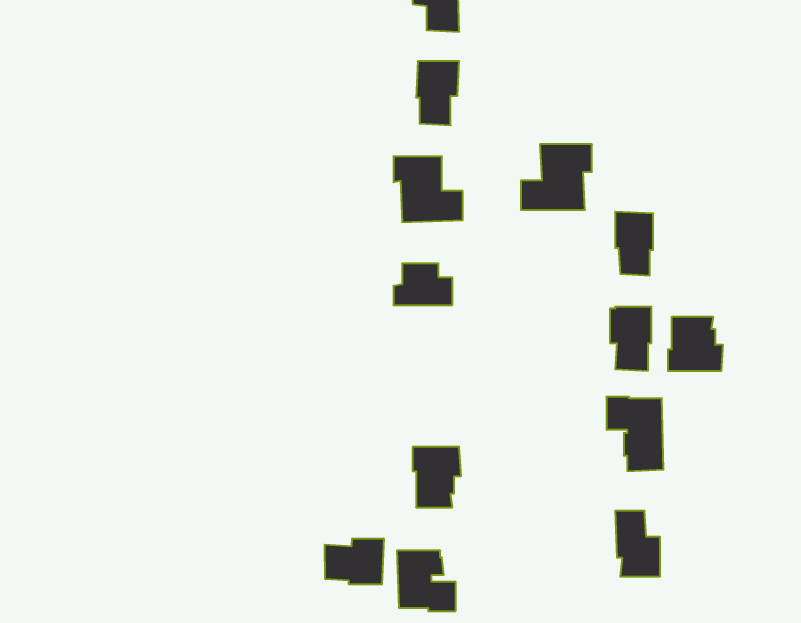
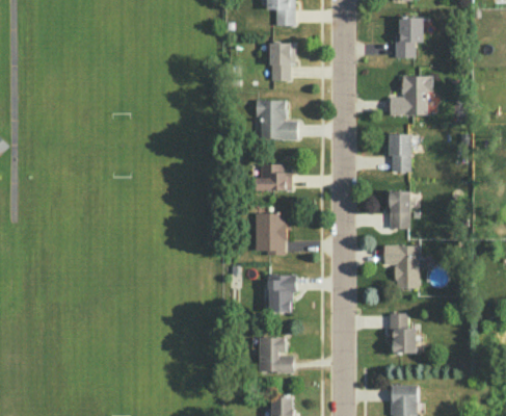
building: none -> [395,17,423,57]
building: [521,144,592,210] -> [390,75,432,114]
building: [668,317,723,371] -> none
building: none -> [255,212,286,255]
building: [325,538,384,584] -> none

